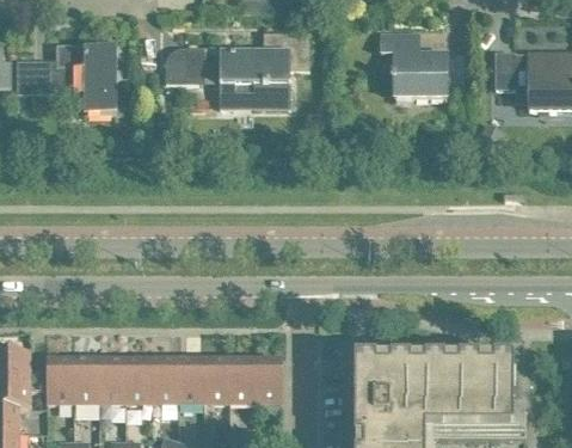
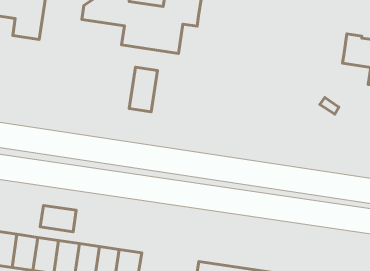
building: [380,31,445,97] -> none
building: none -> [129,67,157,112]
building: none -> [40,205,76,232]

